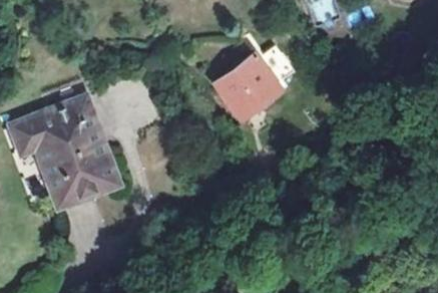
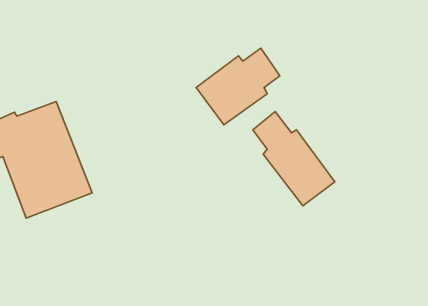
building: none -> [253,112,335,206]

